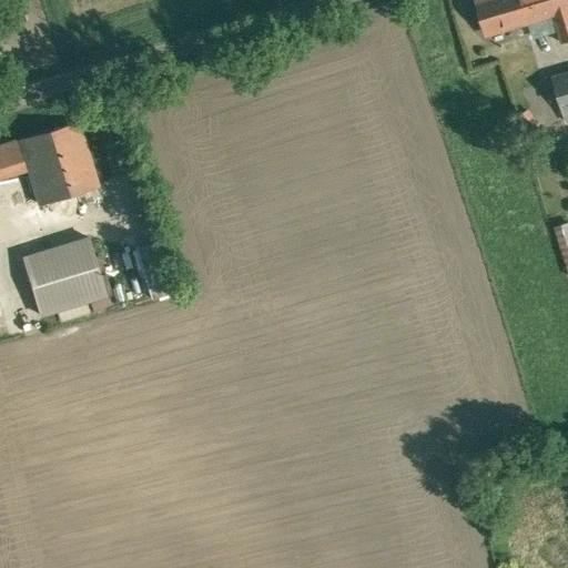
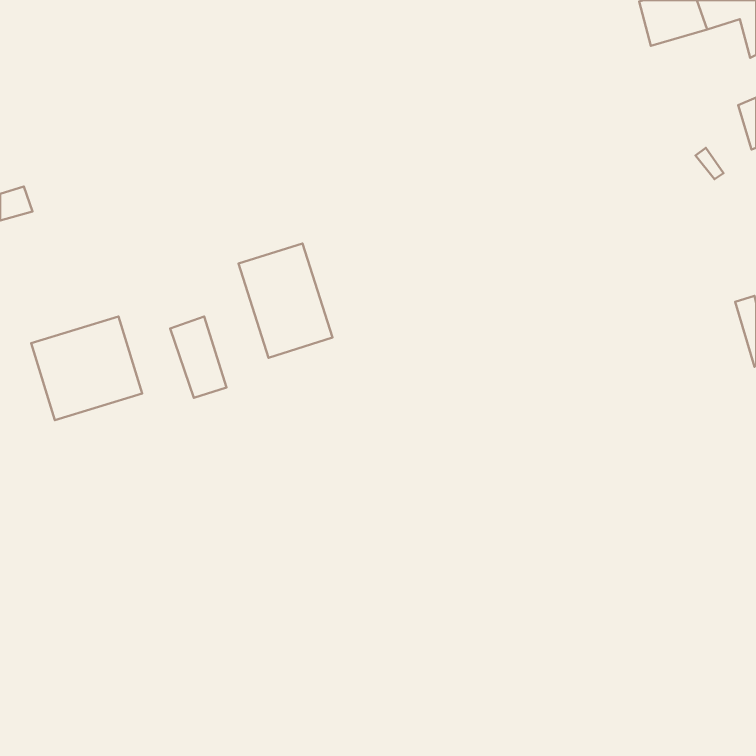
building: [20,121,98,204] -> none
building: none -> [239,244,333,358]

